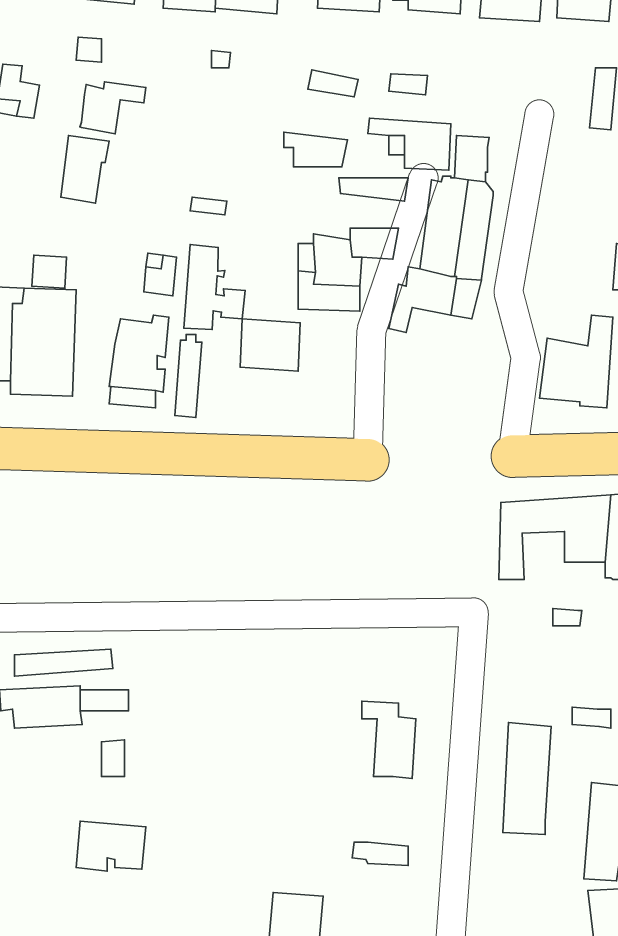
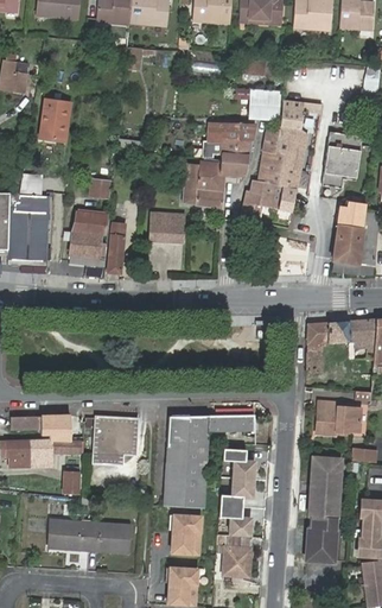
building: [80,82,146,134] -> none
building: [284,132,348,167] -> [210,134,249,156]
building: none -> [321,132,359,186]
building: [184,245,245,329] -> none
building: none -> [337,202,365,228]
building: none -> [317,403,362,435]
building: none -> [94,414,134,458]
building: none -> [163,417,255,507]
building: none -> [218,492,254,536]
building: none -> [168,511,203,555]
building: none -> [88,524,129,555]
building: none -> [307,527,336,558]
building: none -> [224,546,252,576]

